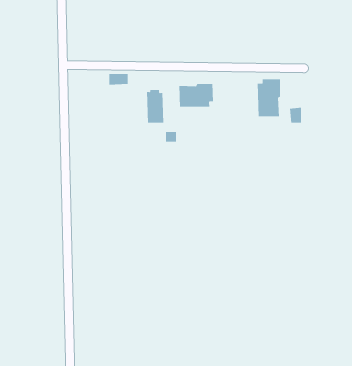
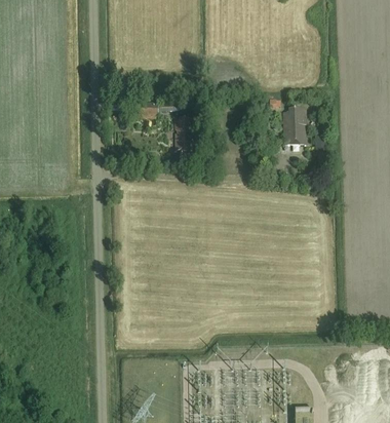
building: [179,83,213,108] -> none

